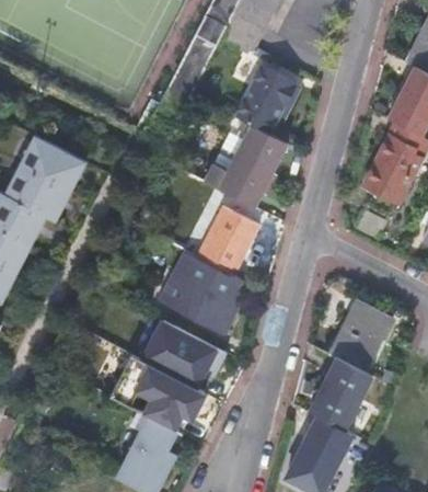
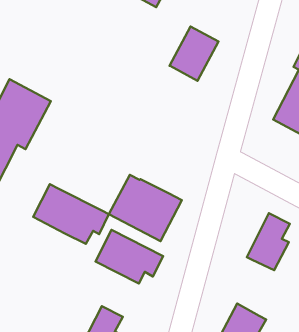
building: [203,117,287,206] -> none
building: [198,208,258,276] -> none
building: [111,356,205,431] -> [33,184,109,244]
building: [312,359,365,430] -> none

